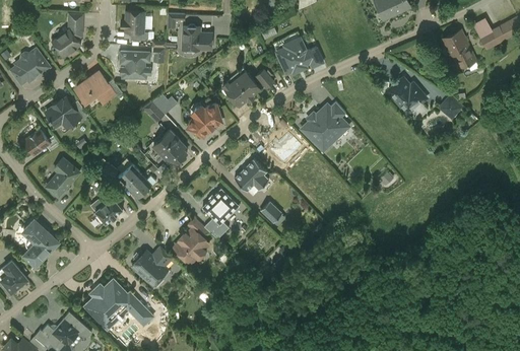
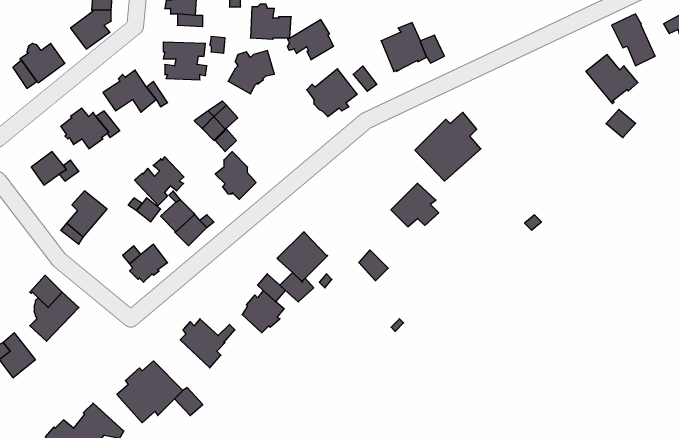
building: none -> [287,20,333,60]
building: [387,80,425,116] -> [586,55,638,104]
building: [187,106,220,137] -> [228,50,274,94]
building: none -> [135,157,184,206]
building: [234,159,268,191] -> [391,183,439,227]

